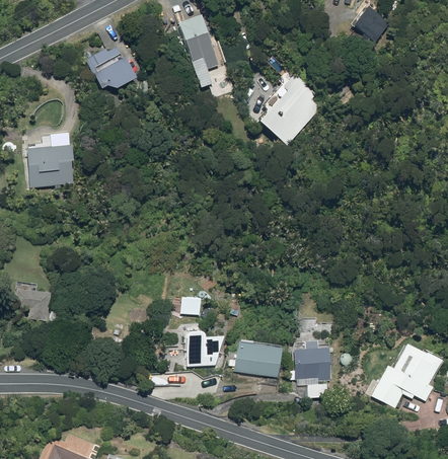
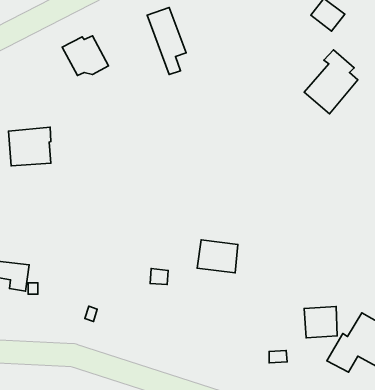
building: [262,75,319,144] -> [304,50,358,114]
building: [188,331,223,366] -> none
building: [237,341,281,377] -> [197,240,238,273]
building: [294,348,329,381] -> [304,307,337,338]

